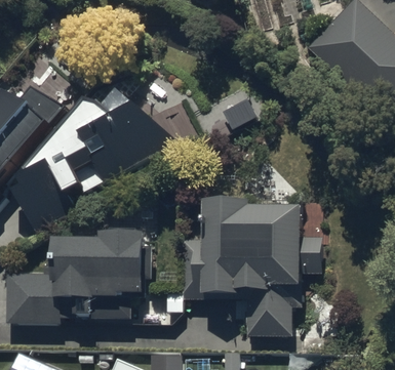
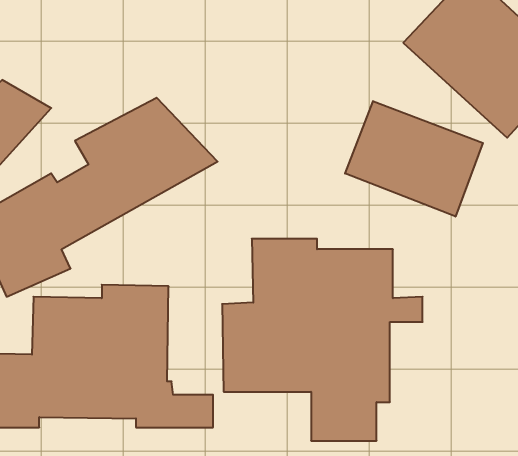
building: none -> [345,101,483,217]

